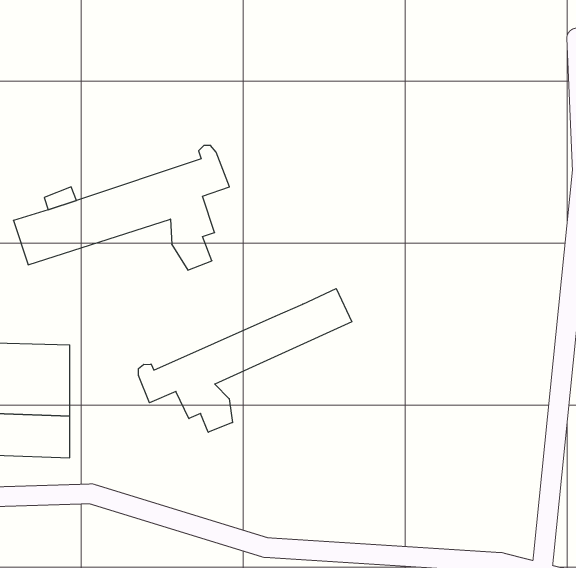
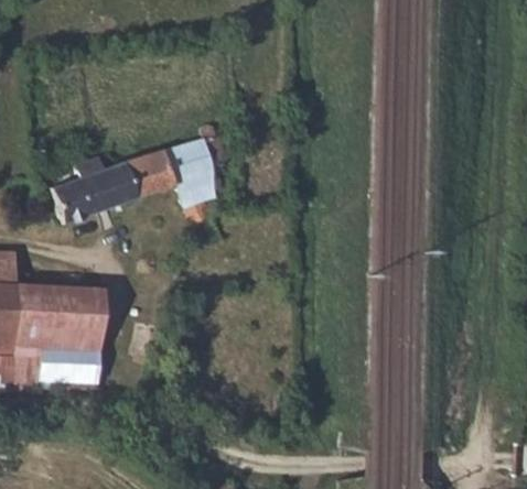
building: [139,289,352,432] -> none

